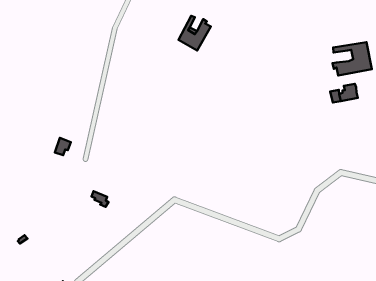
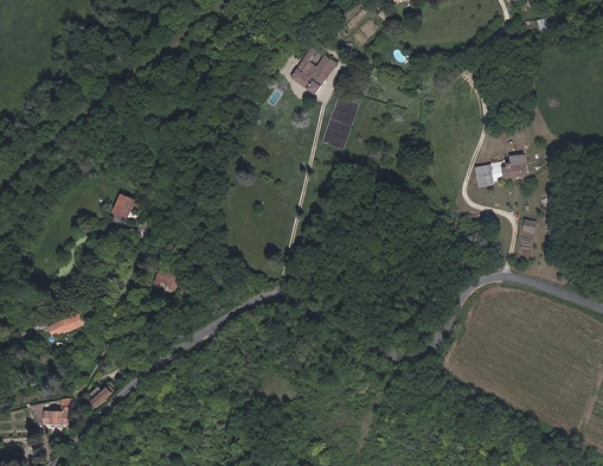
building: [333,42,372,76] -> none

